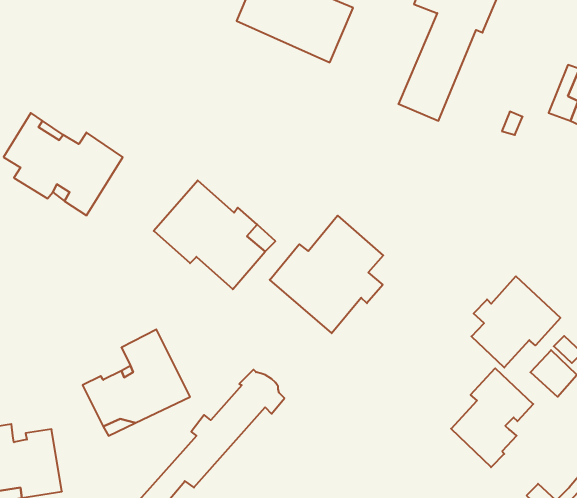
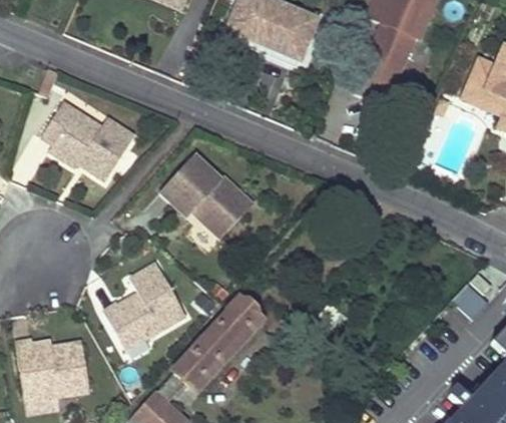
building: [270,216,383,333] -> none
building: [471,276,560,368] -> none
building: [451,368,533,467] -> none

